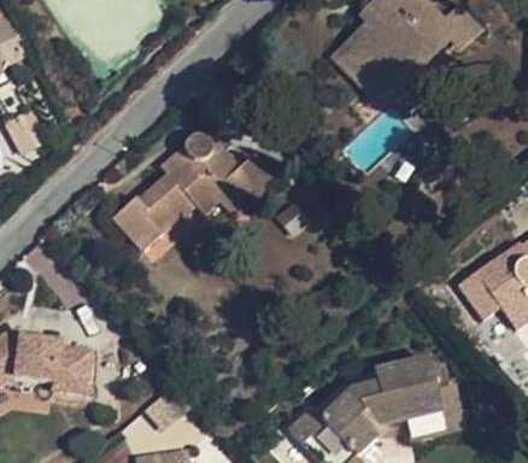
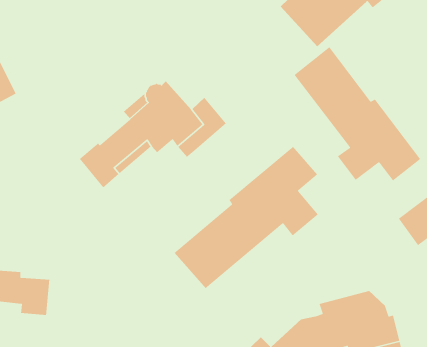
building: none -> [293,46,421,182]
building: none -> [173,146,319,289]

